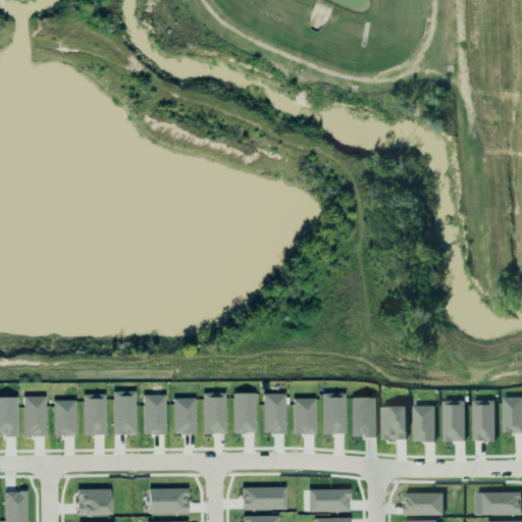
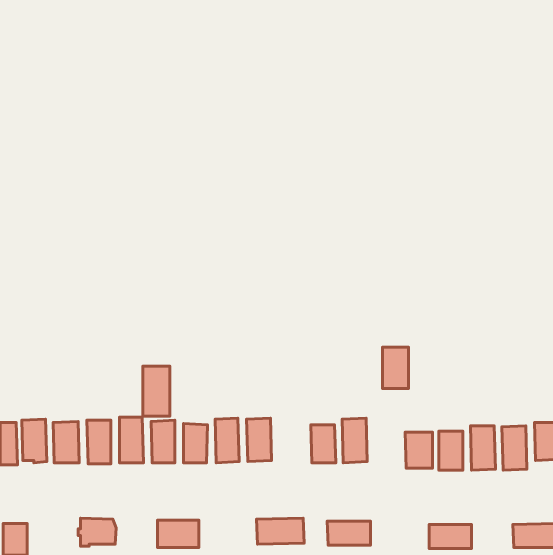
building: none -> [143,366,170,416]
building: [264,394,286,433] -> none
building: [353,398,377,436] -> [382,347,409,388]

